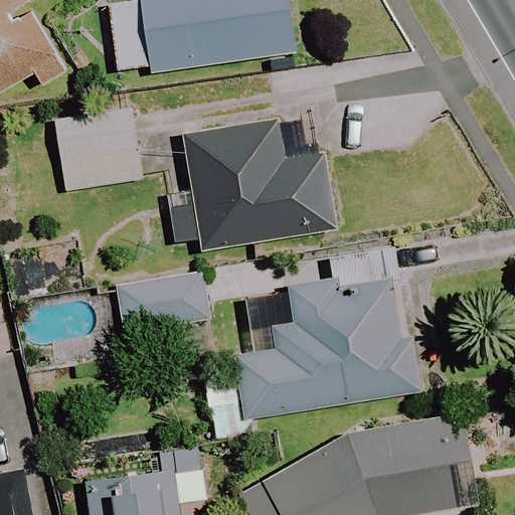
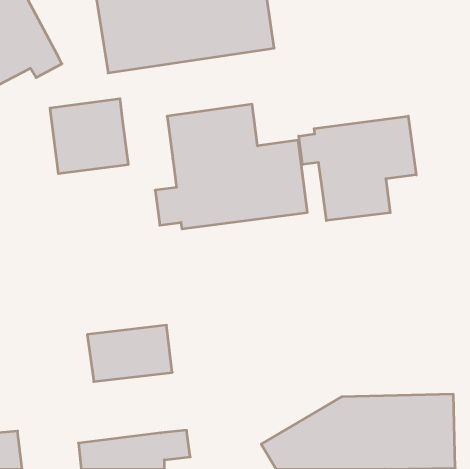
building: none -> [299,116,416,221]
building: [115,271,207,332] -> [87,325,172,382]
building: [239,280,417,417] -> none

